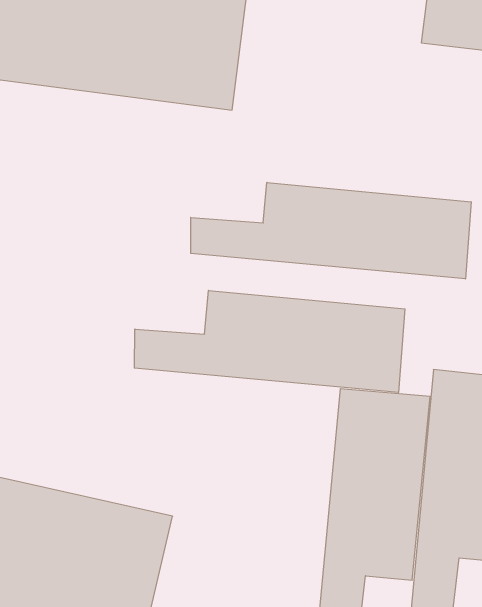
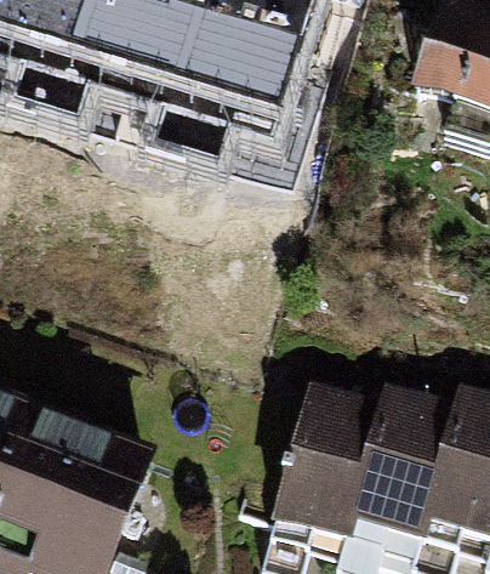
building: [191,182,471,279] -> none
building: [134,290,405,393] -> none

